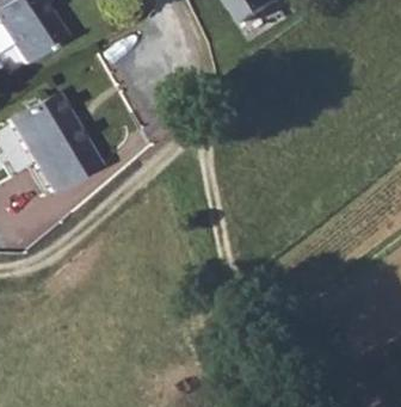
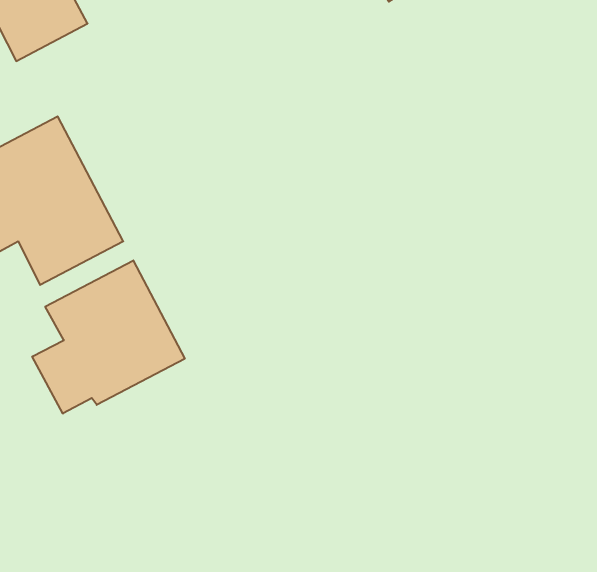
building: none -> [32,260,185,414]

